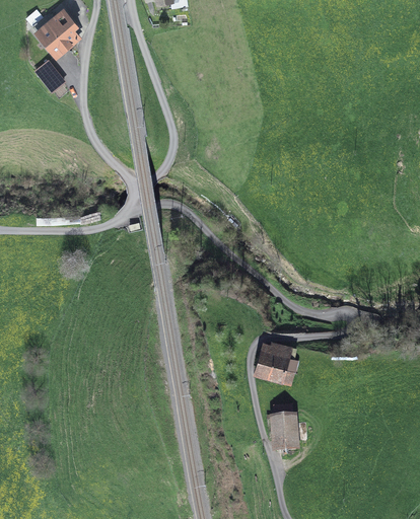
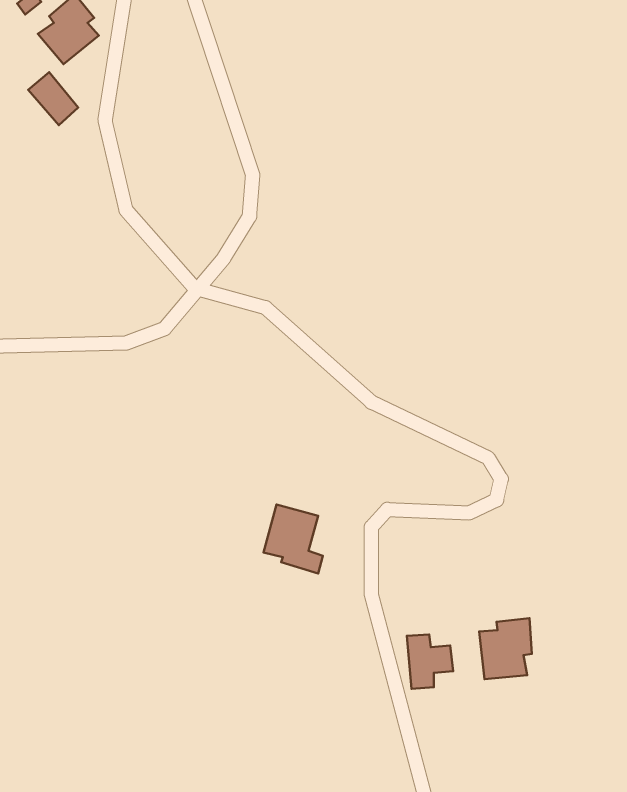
building: [257,340,294,383] -> [264,504,323,573]
building: none -> [479,618,532,679]

